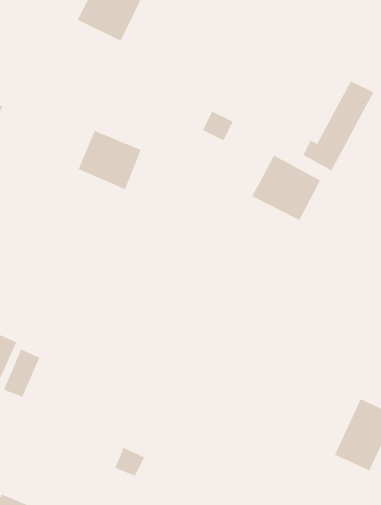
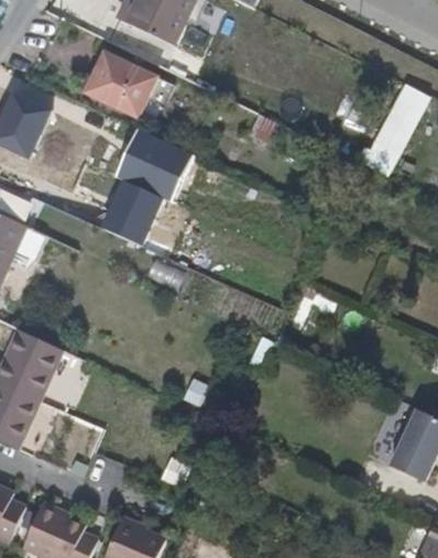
building: none -> [87,53,156,114]
building: [252,155,321,221] -> none
building: none -> [99,182,161,248]

